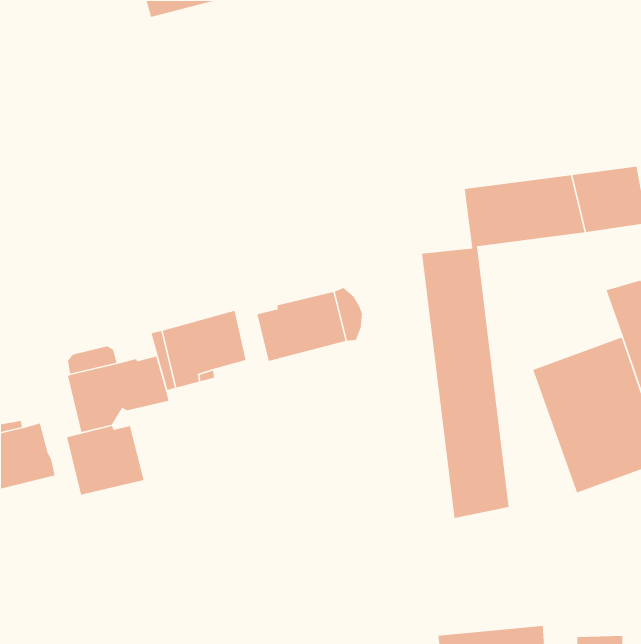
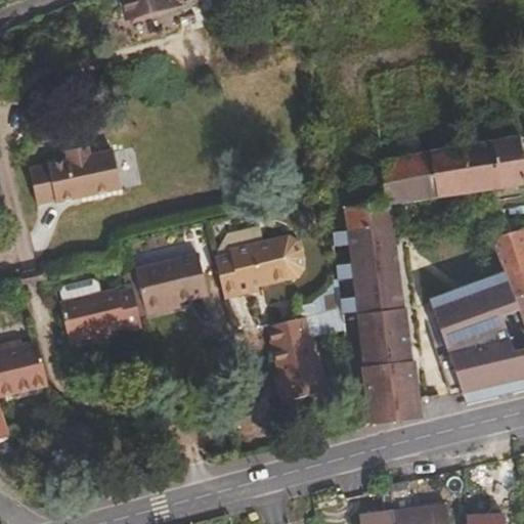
building: none -> [37,147,128,205]
building: none -> [263,314,319,398]
building: [66,425,145,495] -> none

